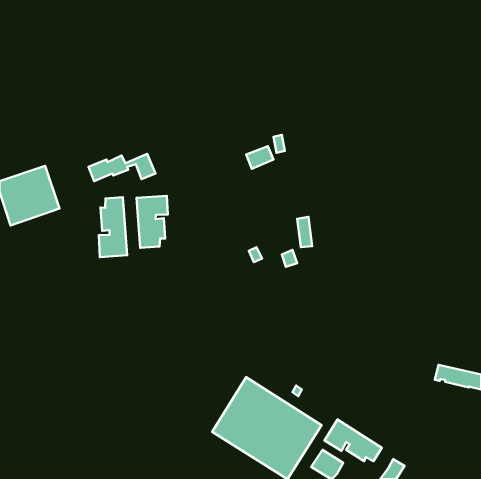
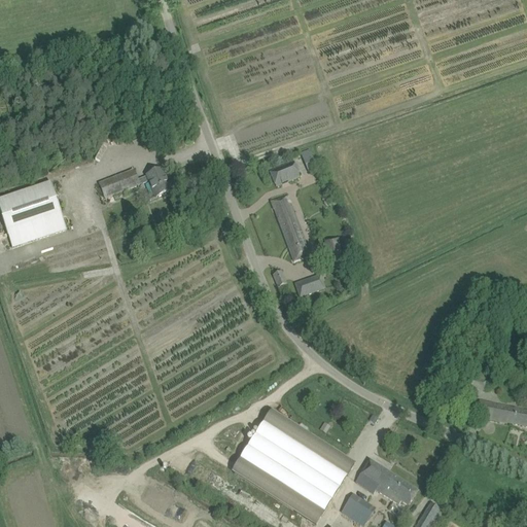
building: none -> [270,192,309,259]
building: [136,196,168,248] -> none
building: [99,197,127,257] -> none

